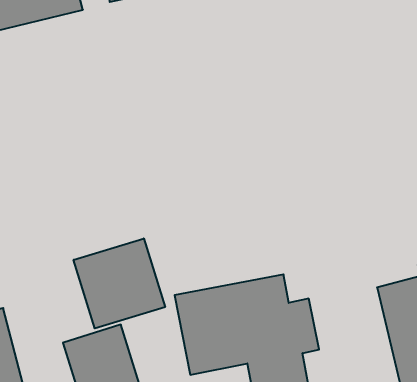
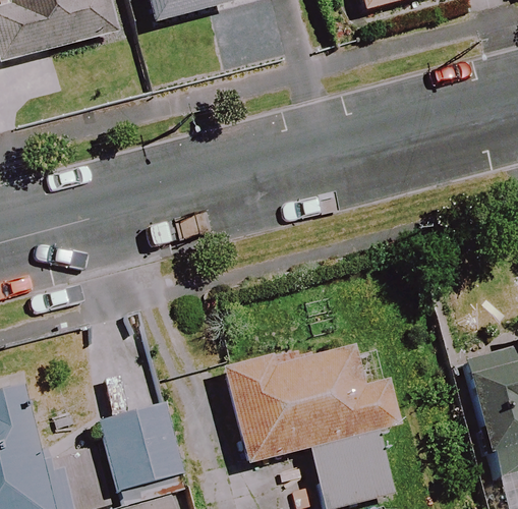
building: [74,238,165,328] -> none

